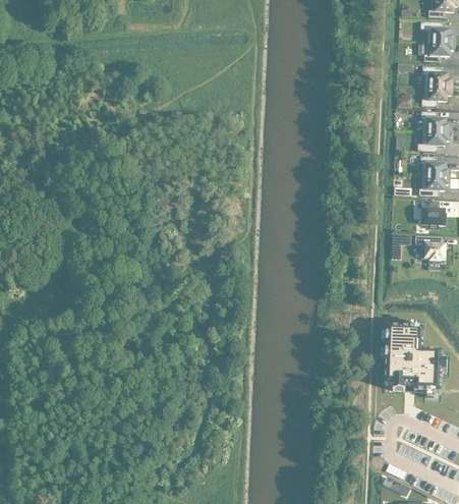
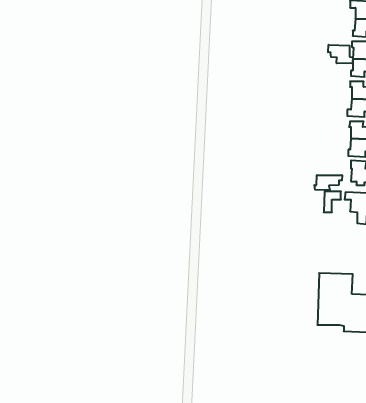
building: none -> [328,45,353,64]
building: none -> [314,175,342,190]

